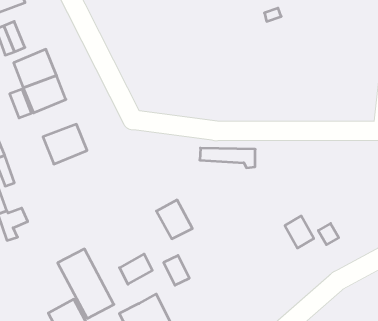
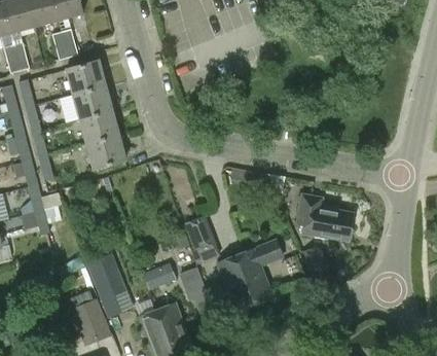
building: none -> [79,109,118,142]
building: none -> [296,194,353,241]
building: none -> [217,240,282,310]

